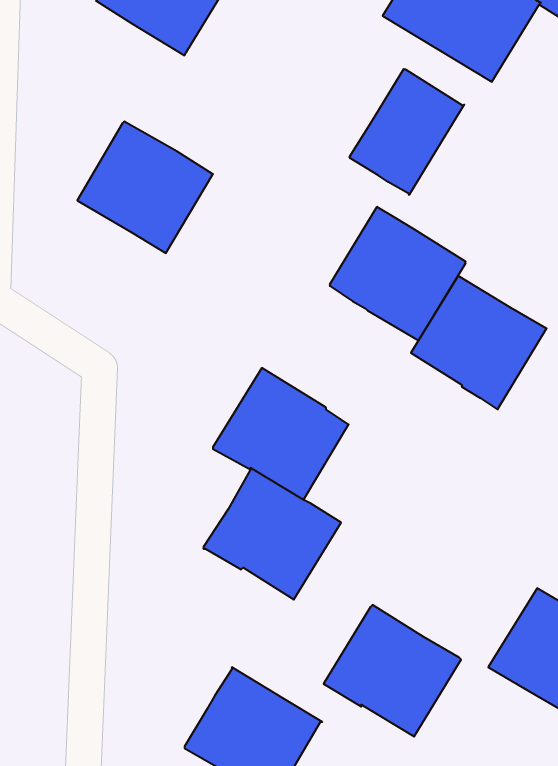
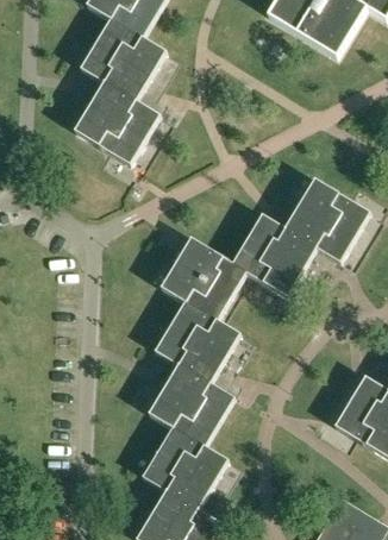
building: none -> [80,18,167,99]
building: [350,69,464,195] -> none
building: [330,207,466,341] -> [231,212,317,296]
building: [324,605,461,737] -> [148,362,234,445]

